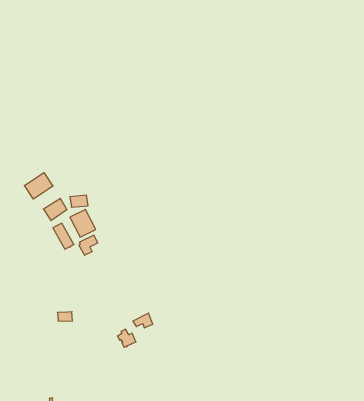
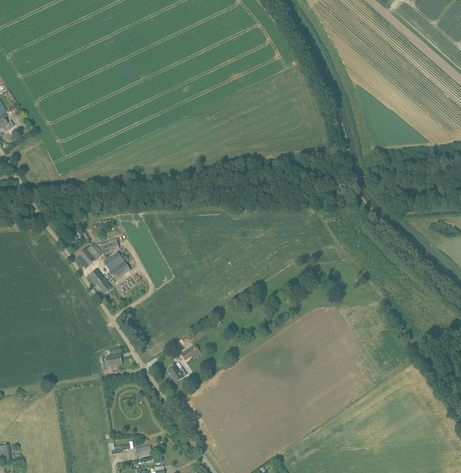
building: [24,173,53,199] -> none

